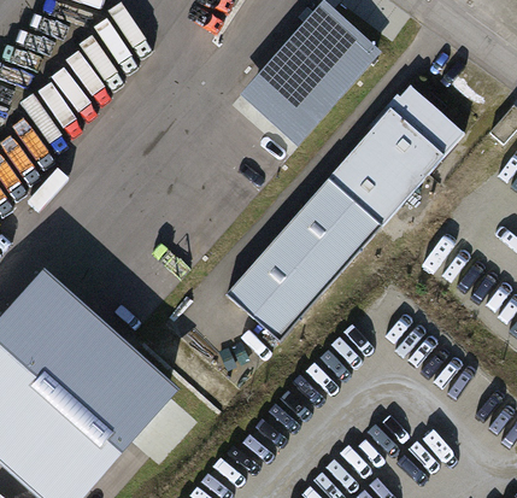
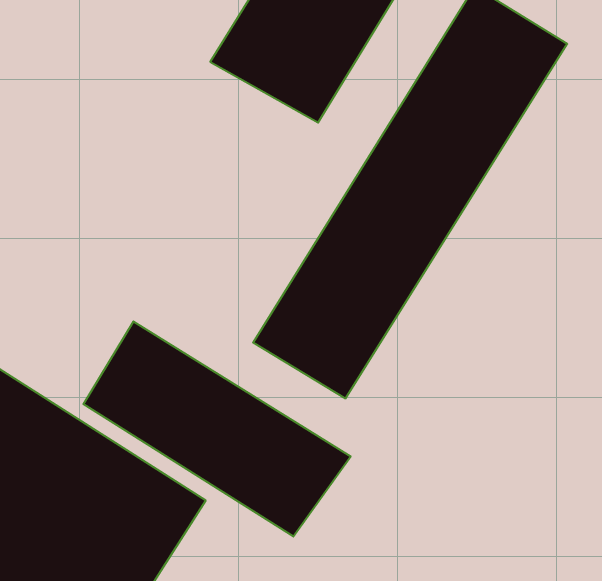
building: none -> [83,321,351,537]

